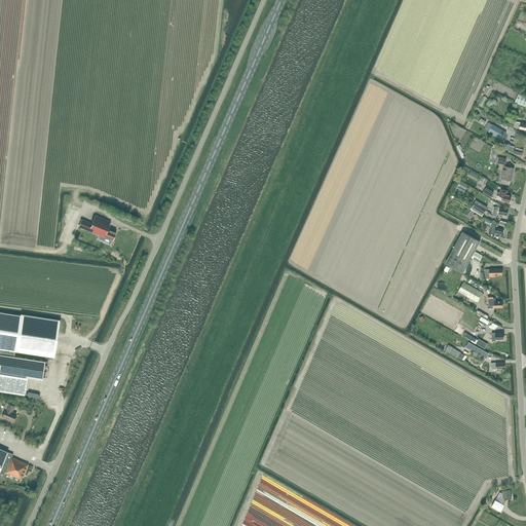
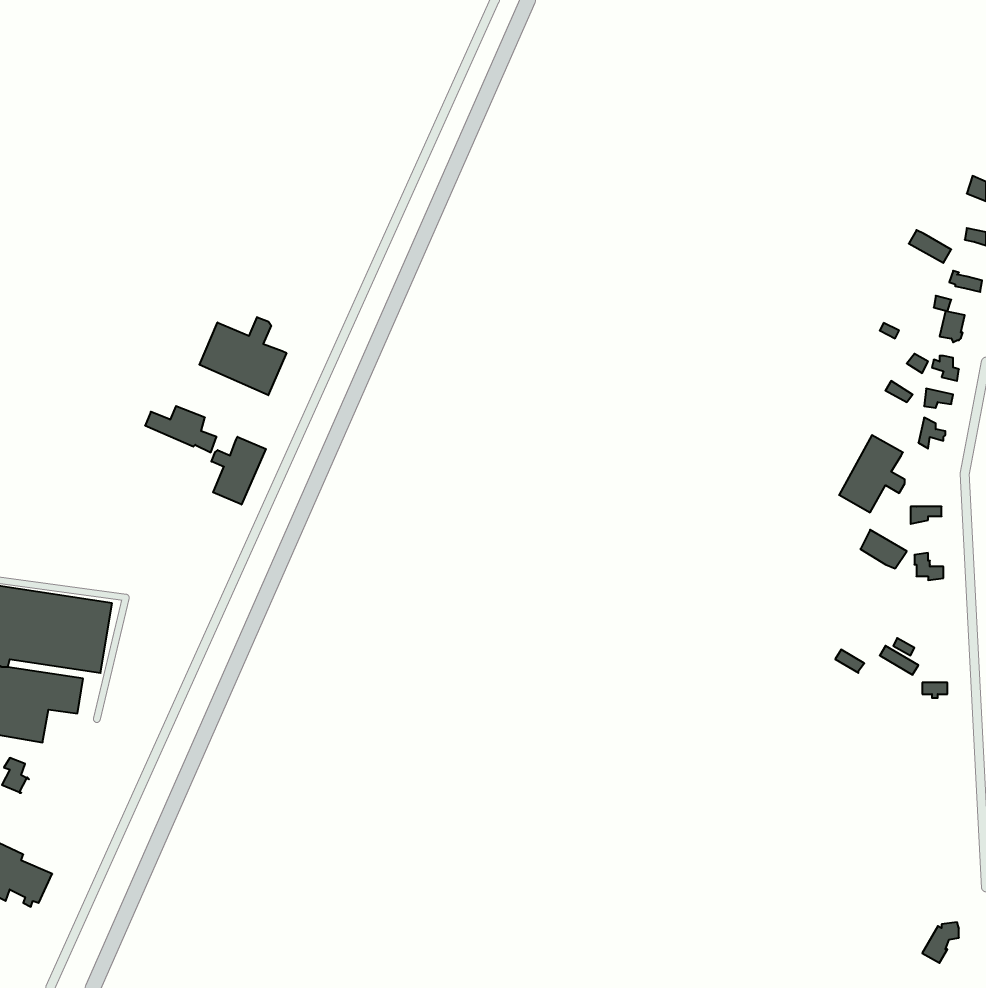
building: none -> [199,317,286,395]
building: none -> [211,437,266,505]

